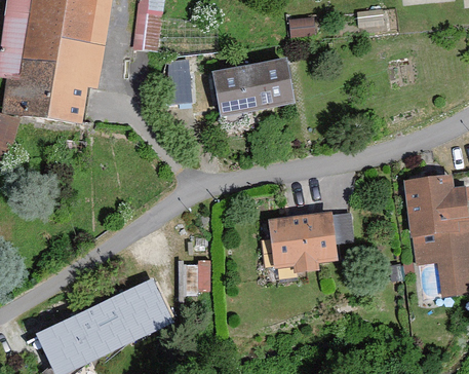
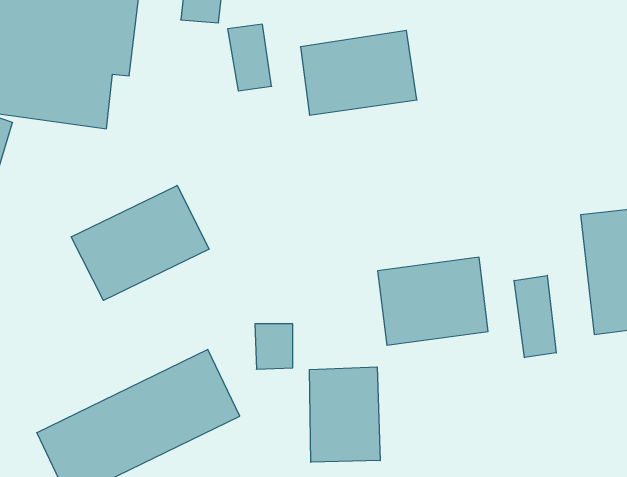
building: none -> [71,185,209,300]
building: none -> [514,275,556,358]
building: none -> [309,367,380,462]

